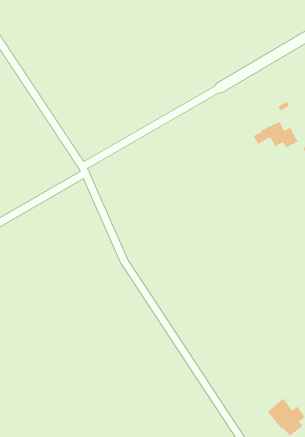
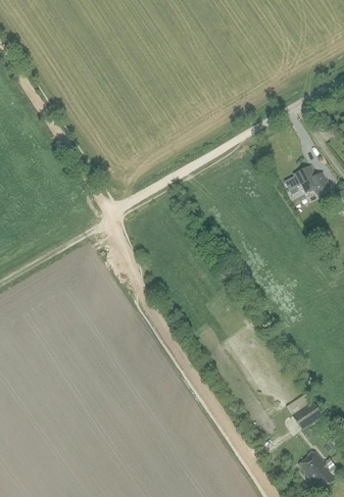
building: none -> [292,401,321,428]

